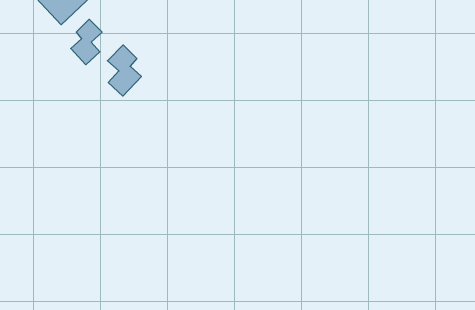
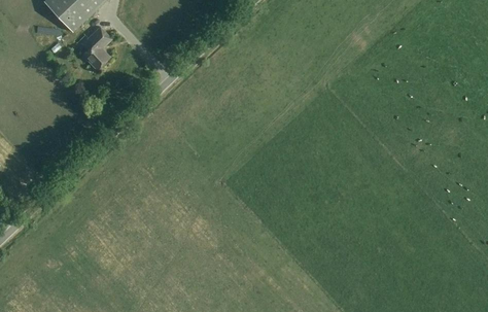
building: [107,45,141,96] -> none

